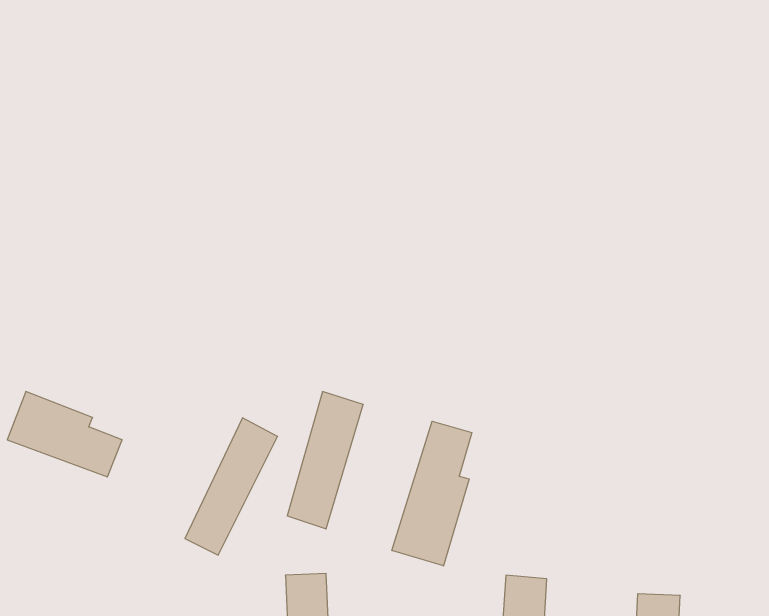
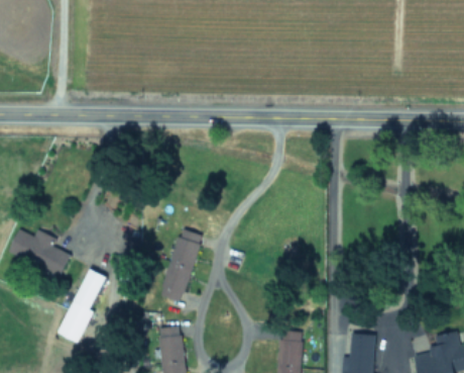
building: [185,418,278,555] -> [59,268,109,343]
building: [392,421,472,566] -> none

